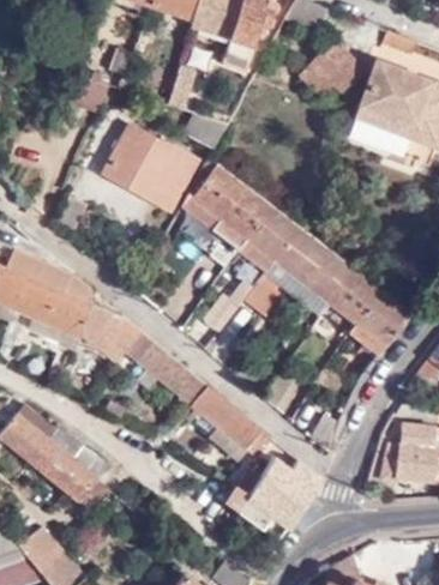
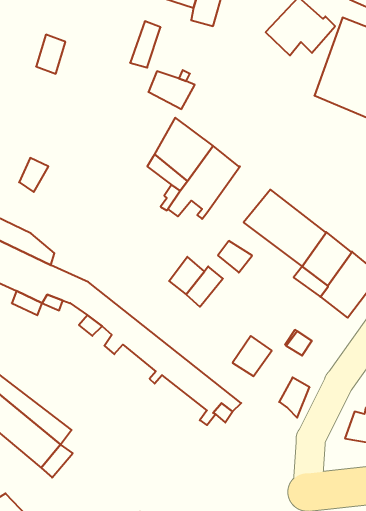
building: [101,126,198,212] -> none
building: [240,206,302,273] -> none
building: [228,459,323,526] -> none

